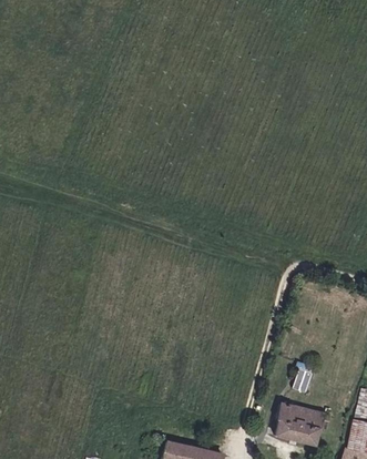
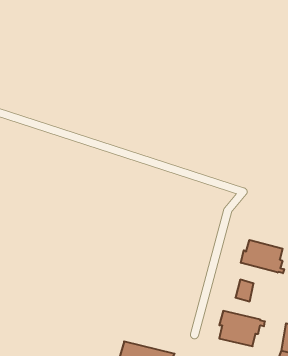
building: none -> [241,240,284,273]

